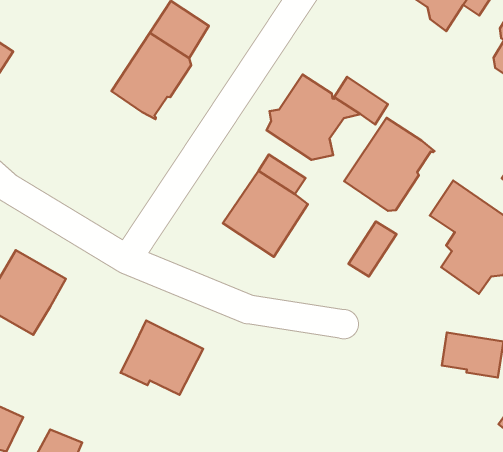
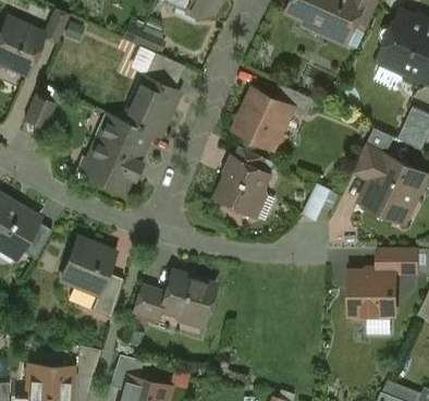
building: none -> [75,113,148,191]
building: [344,118,435,211] -> none
building: none -> [91,272,123,317]
building: none -> [132,284,167,320]
building: none -> [350,270,395,318]

